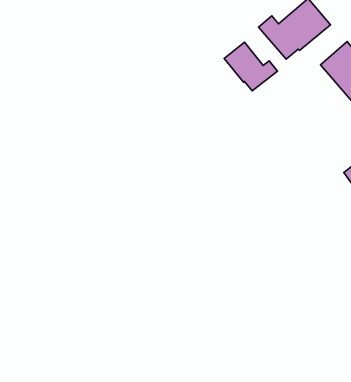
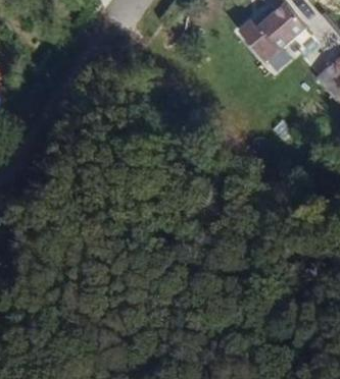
building: [224,42,278,91] -> none

